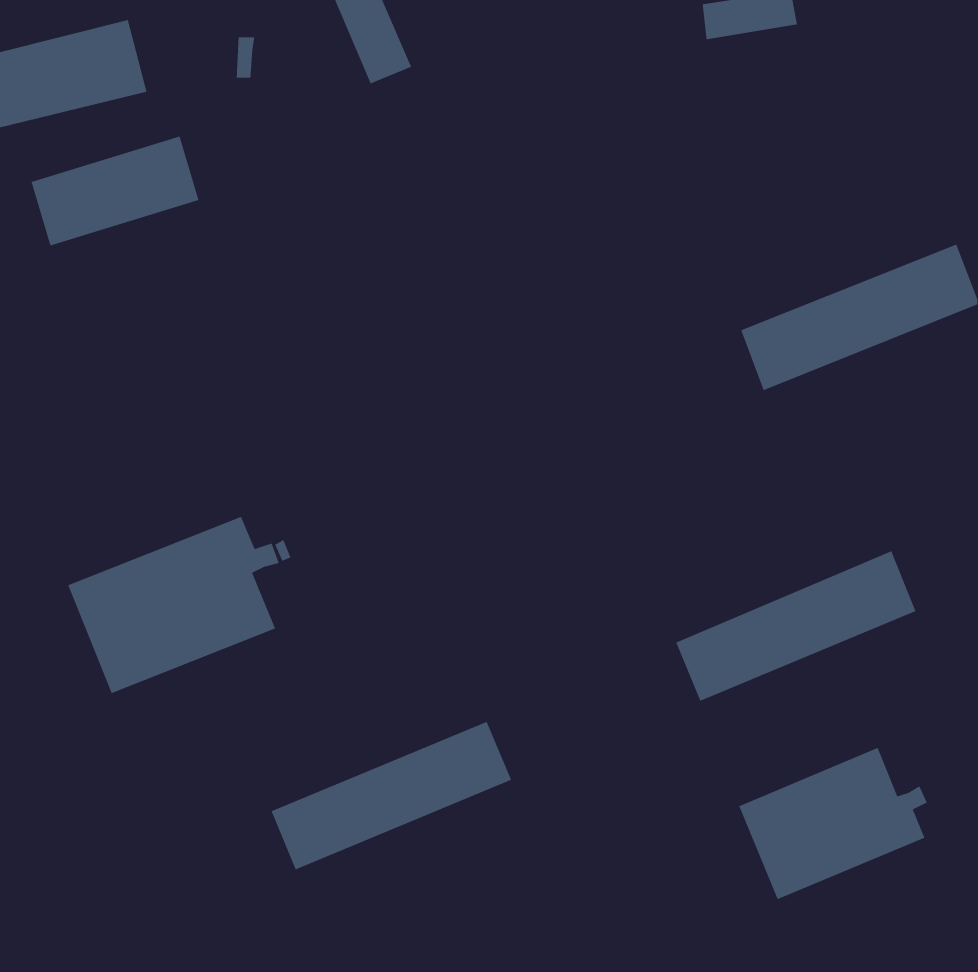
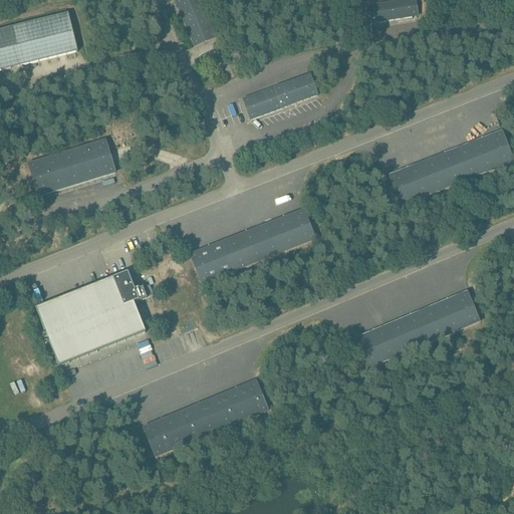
building: [31,135,199,247] -> [27,137,115,195]
building: none -> [242,71,317,118]
building: none -> [189,207,315,282]
building: [738,747,928,900] -> none

